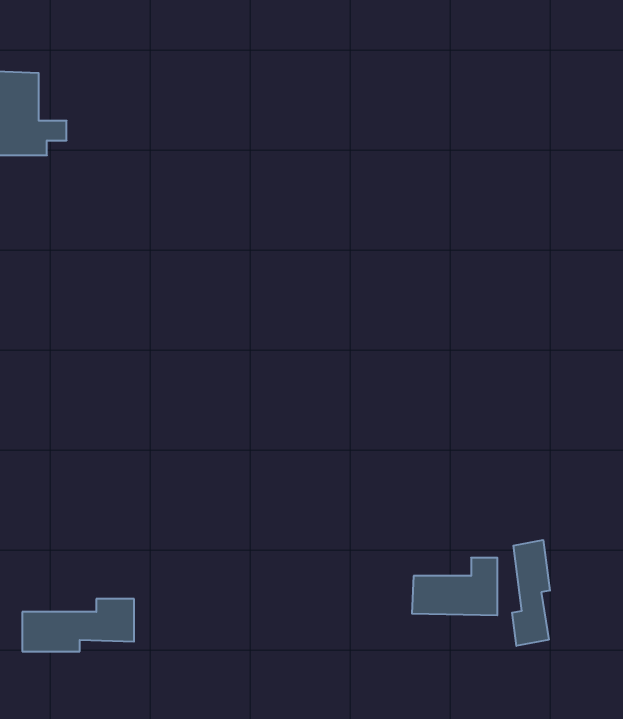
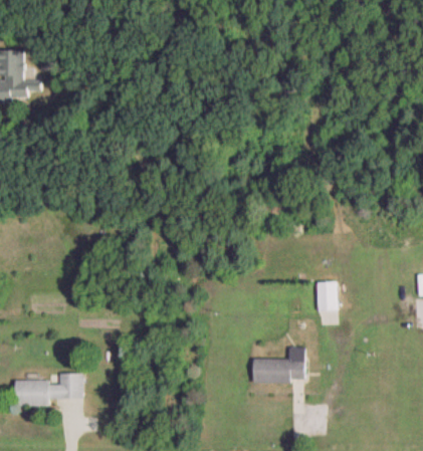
building: none -> [316,282,336,310]
building: [512,540,550,646] -> none

